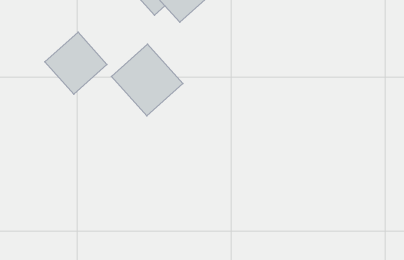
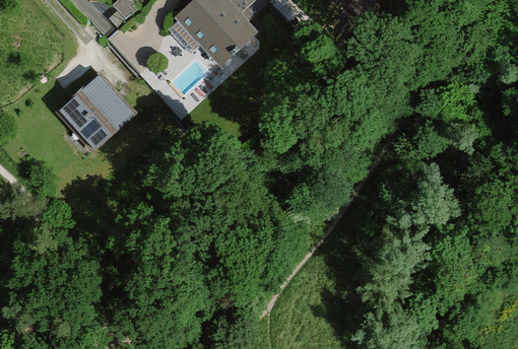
building: [112,44,183,116] -> none

